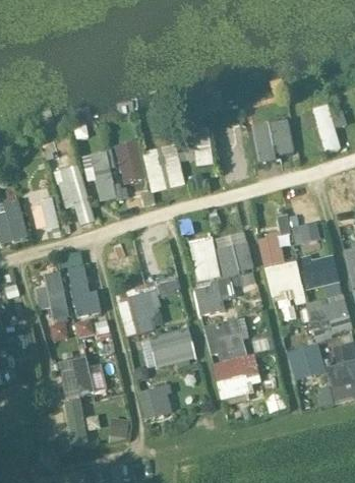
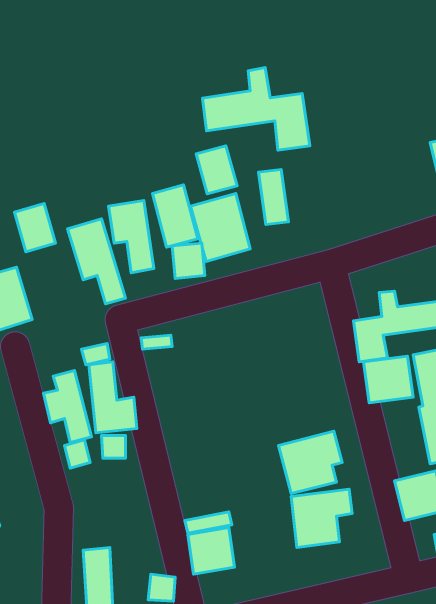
building: none -> [203,67,310,150]
building: none -> [196,146,237,194]
building: [251,122,292,160] -> none
building: [31,197,60,232] -> [14,204,55,252]
building: [189,232,256,313] -> none
building: [126,276,183,334] -> none
building: [140,326,196,369] -> none
building: [58,357,93,399] -> none

